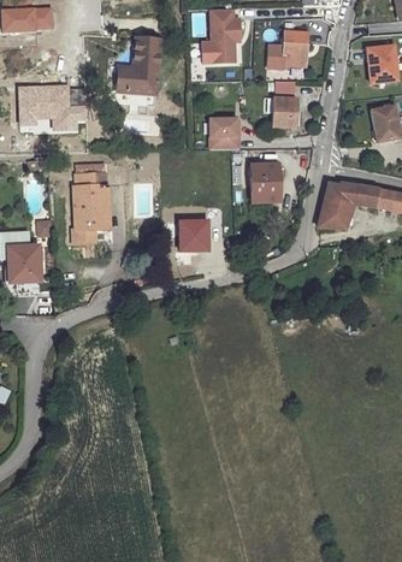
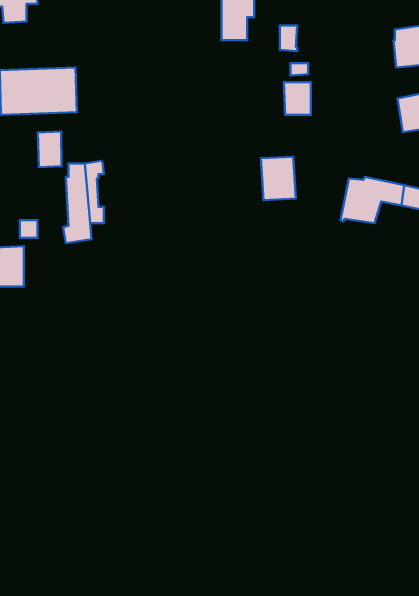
building: [280,32,305,66] -> none
building: [116,39,159,93] -> none
building: [208,118,237,149] -> none
building: none -> [38,132,61,167]
building: [176,219,208,253] -> none

